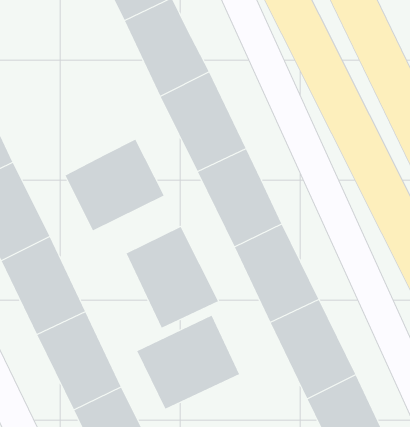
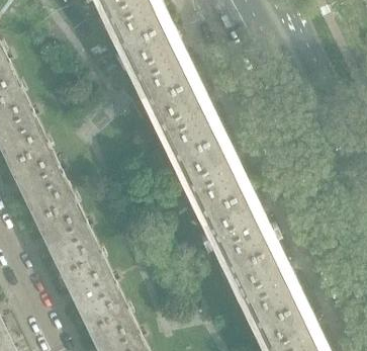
building: [65,139,165,231] -> none
building: [126,226,219,328] -> none
building: [137,315,240,410] -> none

